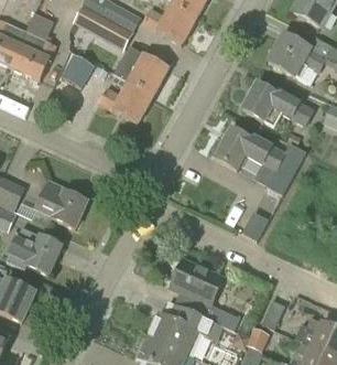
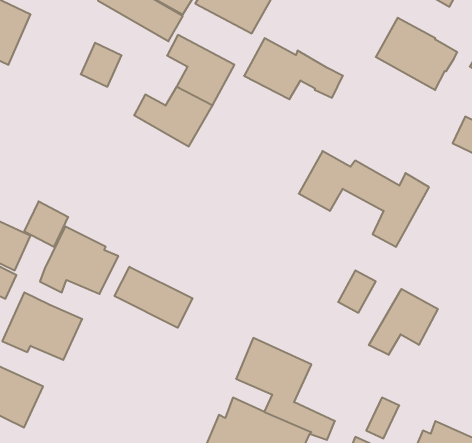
building: [10,31,56,79] -> none
building: [241,82,311,125] -> [244,38,343,99]
building: none -> [115,267,193,328]
building: none -> [369,289,438,355]

